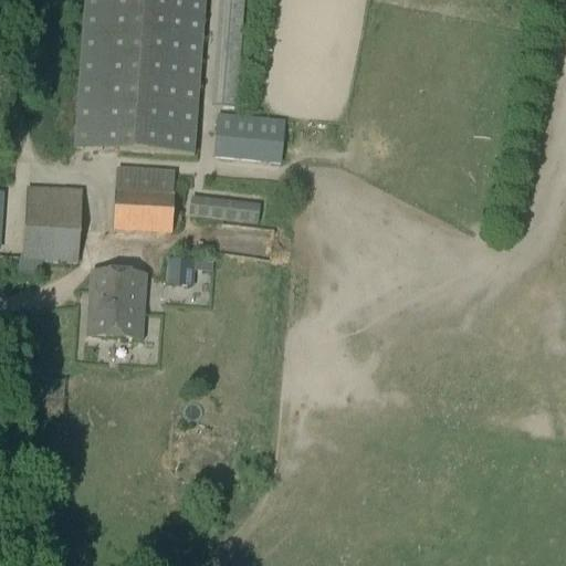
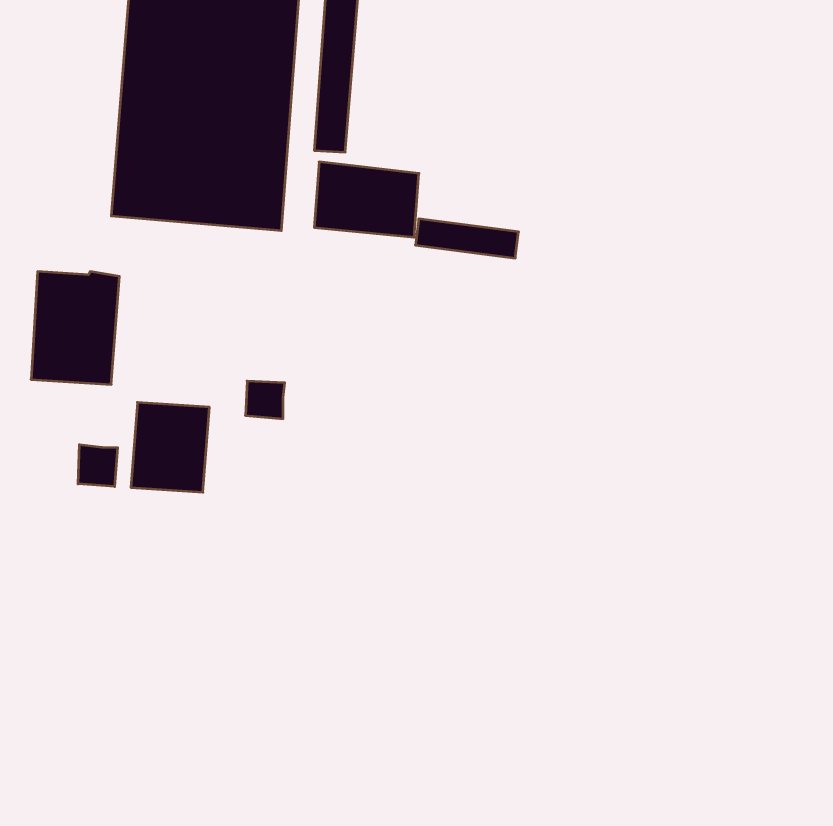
building: [113,163,175,232] -> none
building: [191,195,261,221] -> [415,219,519,258]
building: none -> [78,445,118,487]

